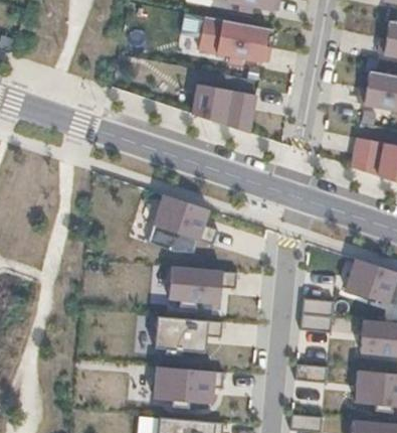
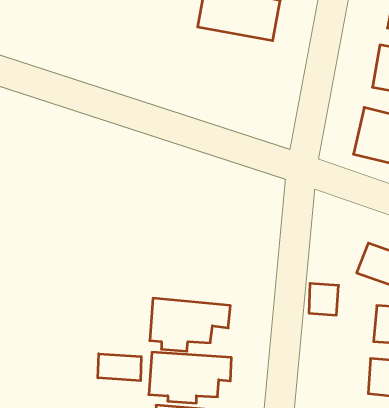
building: [195,82,254,129] -> none
building: [148,190,224,253] -> none
building: [166,263,243,311] -> none
building: none -> [98,354,141,381]

